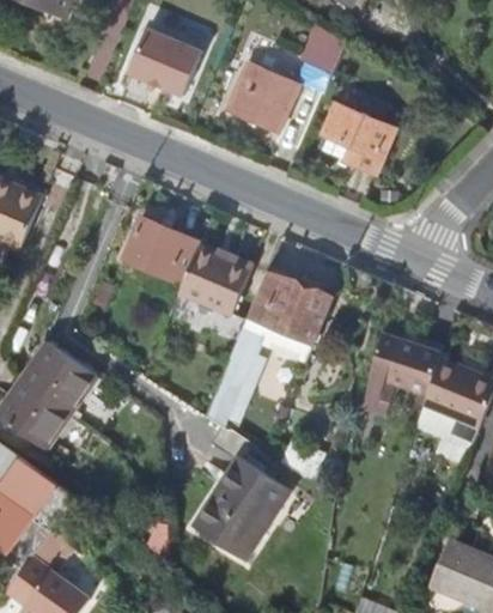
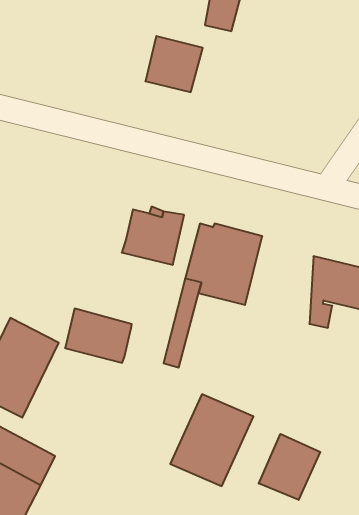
building: [128,30,202,97] -> none
building: [318,103,395,171] -> none
building: [122,217,197,283] -> [65,309,132,363]
building: none -> [259,434,320,500]

